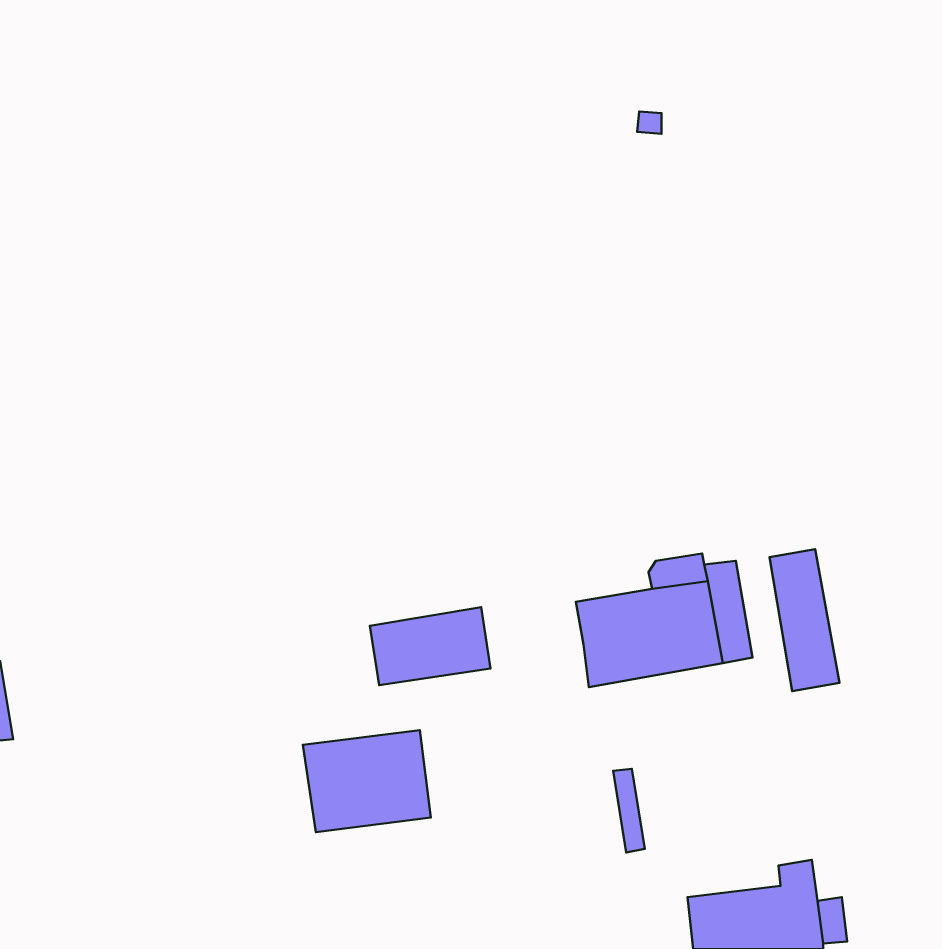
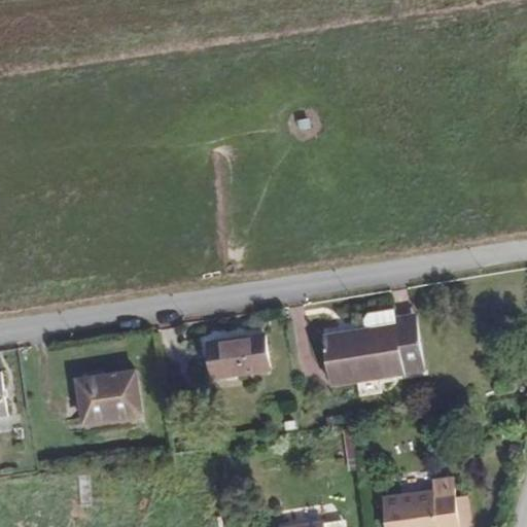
building: [769,549,839,691] -> none
building: [303,730,431,832] -> [72,372,143,428]

